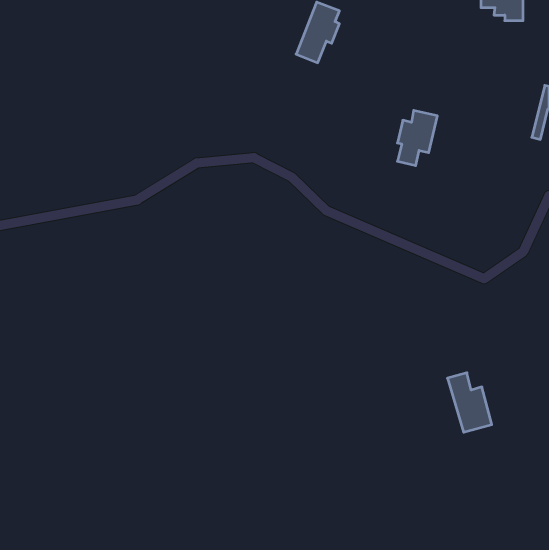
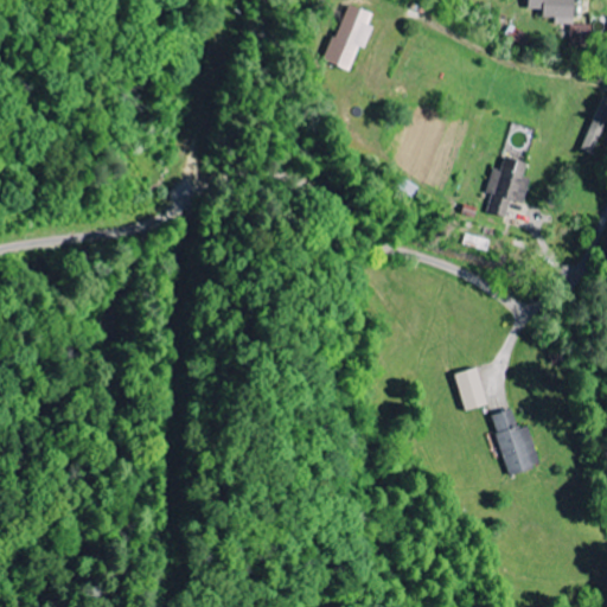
building: [397,110,437,166] -> [486,155,530,216]
building: none -> [455,368,488,410]

